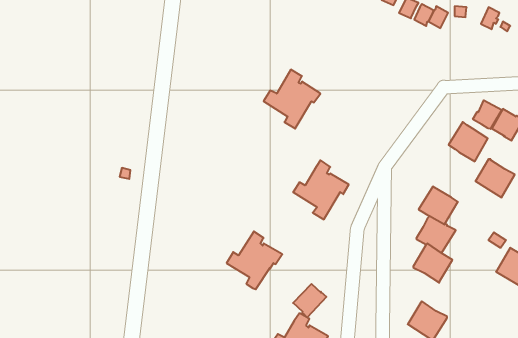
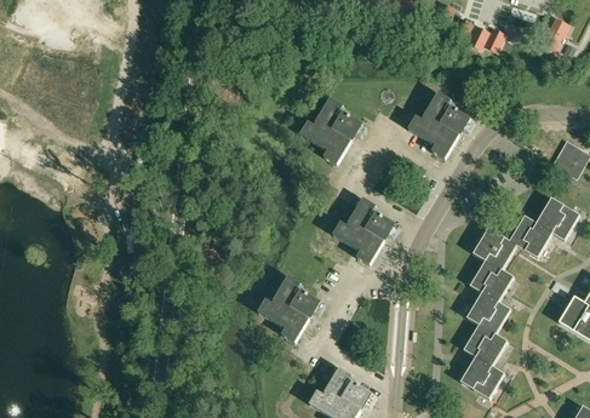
building: none -> [408,93,470,158]
building: [473,100,502,129] -> none
building: [449,122,488,161] -> [509,214,552,258]
building: none -> [463,323,508,366]
building: [293,284,326,318] -> none

